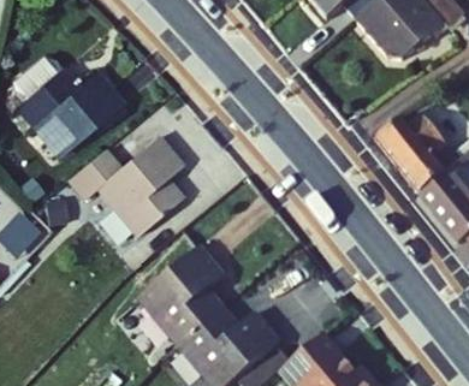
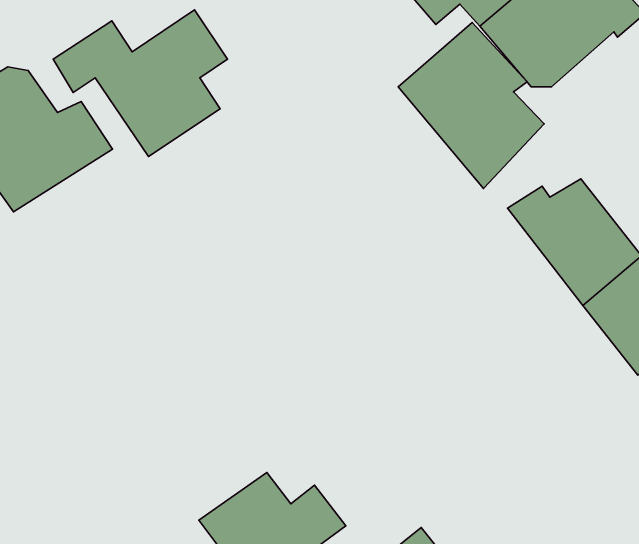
building: none -> [398,23,544,188]
building: [67,136,182,232] -> [53,10,228,157]
building: [136,248,219,342] -> none

